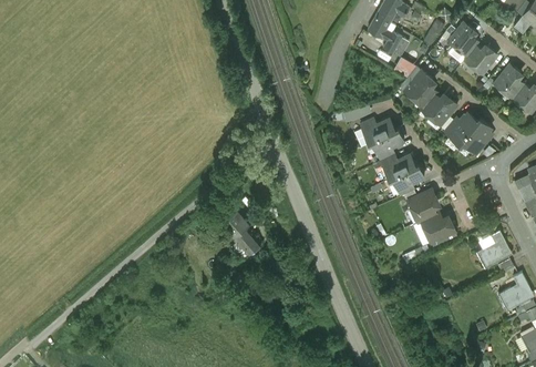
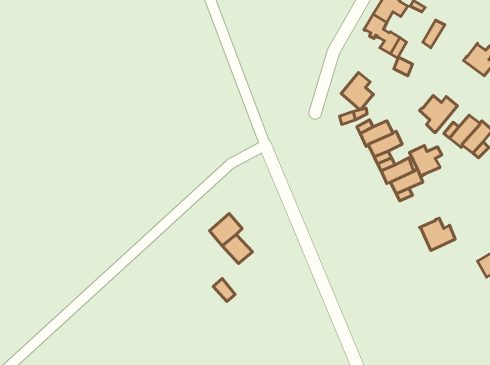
building: [447,24,480,57] -> none
building: [405,70,436,105] -> [341,73,374,110]
building: [408,192,439,222] -> [410,146,442,177]

